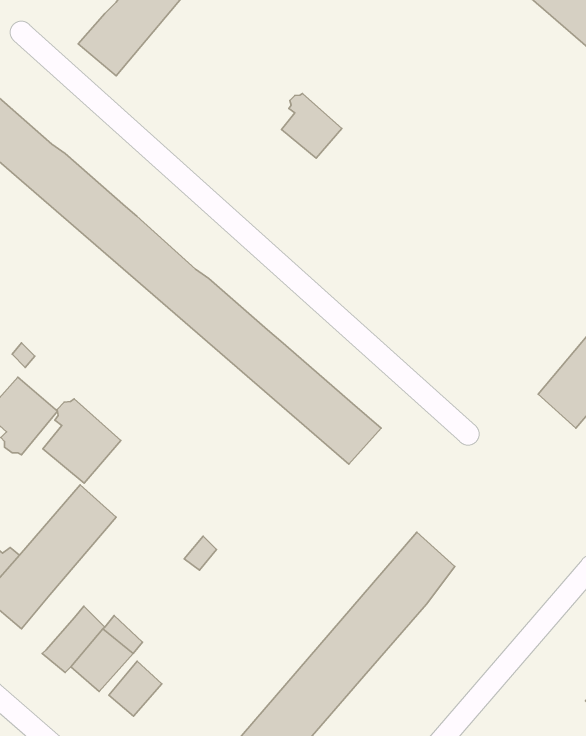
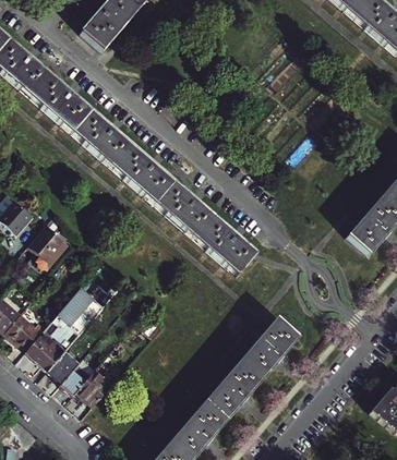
building: [282,94,342,158] -> none
building: [43,399,121,483] -> none
building: [109,661,162,716] -> [49,350,80,382]

